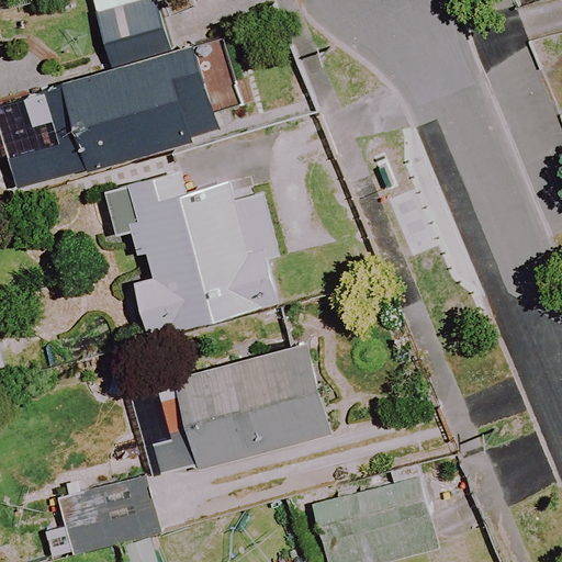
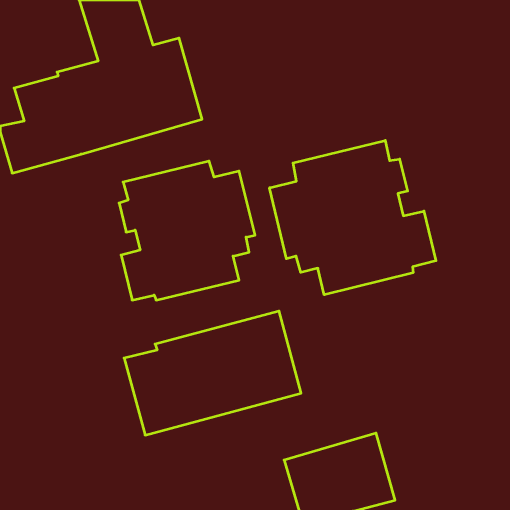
building: none -> [270,140,436,295]
building: [57,475,160,555] -> none

